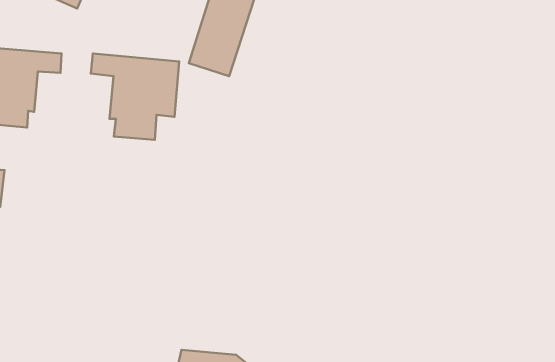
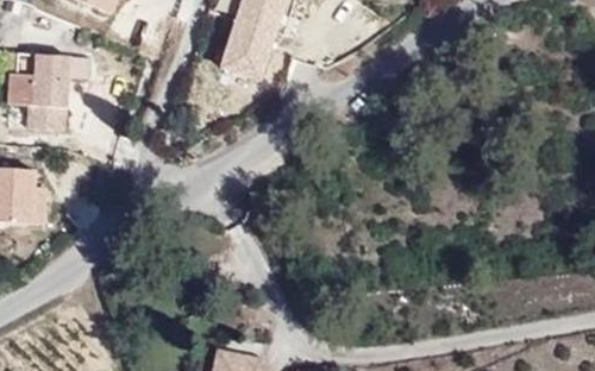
building: [91,53,179,140] -> none

